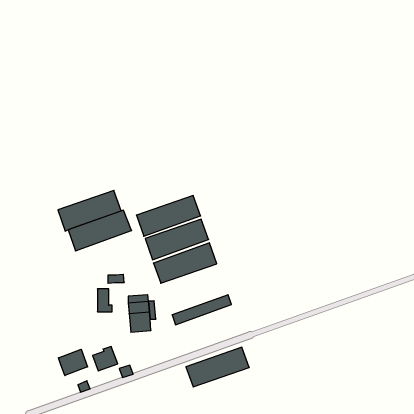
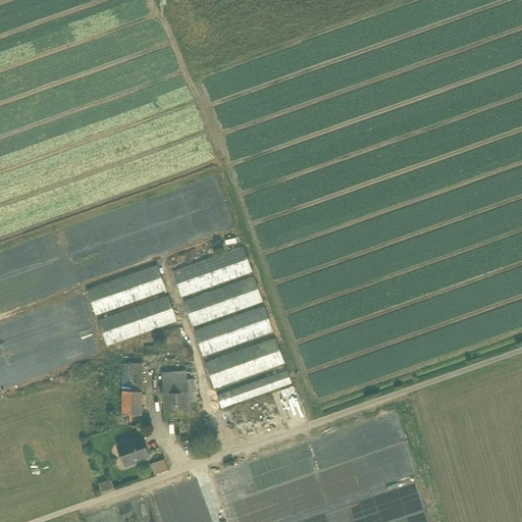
building: [58,190,121,231] -> [97,296,176,347]
building: none -> [122,392,141,414]
building: [186,347,249,387] -> [205,338,284,388]
building: [58,349,88,376] -> none

